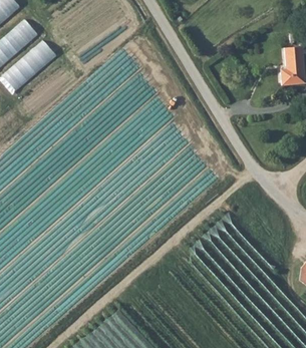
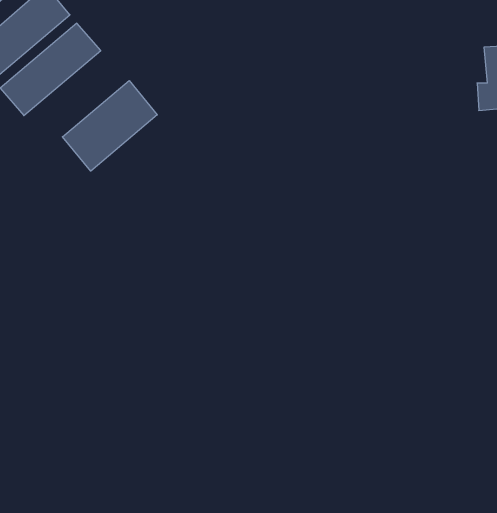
building: none -> [62,81,157,171]

